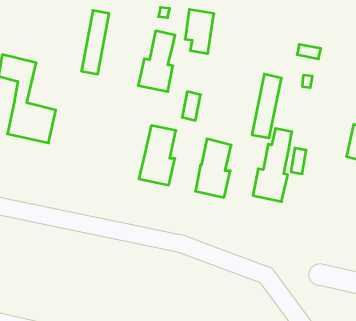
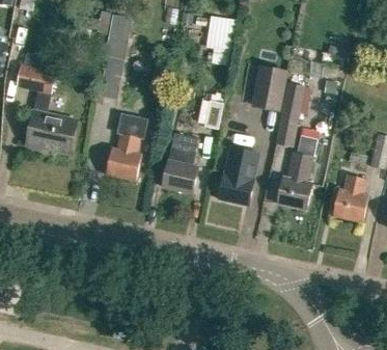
building: [138,31,175,92] -> [105,118,142,180]
building: none -> [252,65,285,109]
building: none -> [332,174,367,222]

